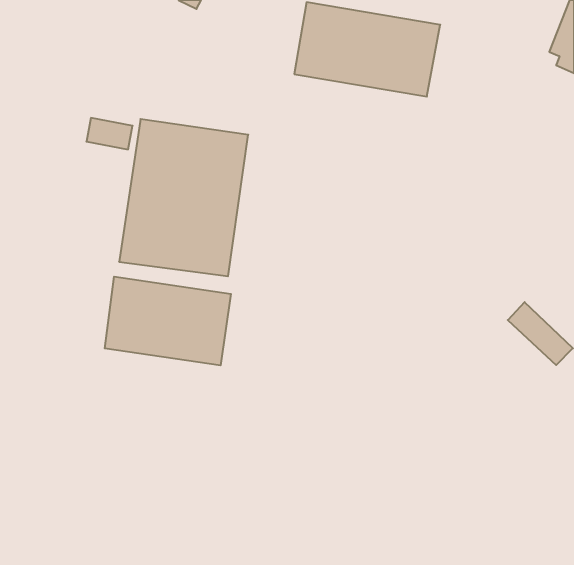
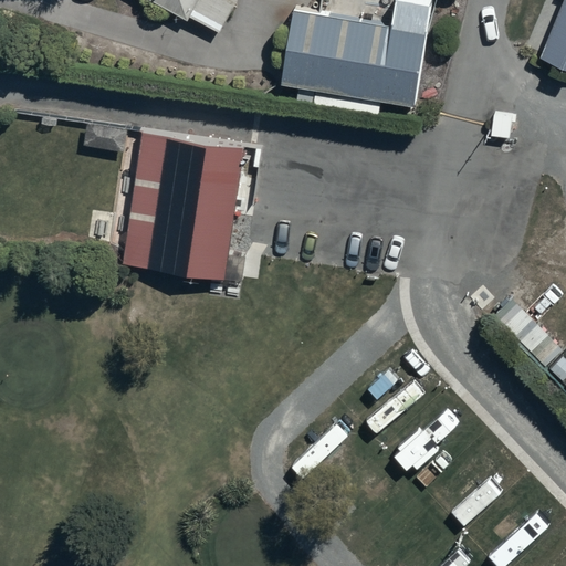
building: [105,277,231,365] -> none

